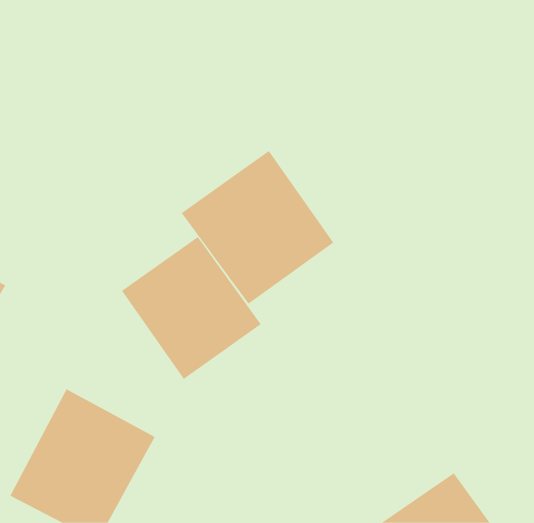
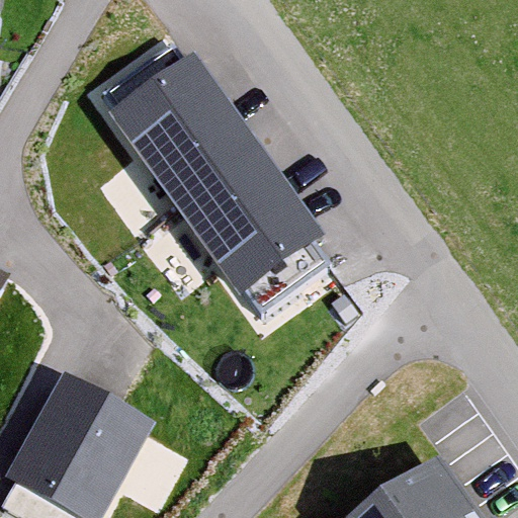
building: none -> [107,52,259,205]
building: [121,236,262,380] -> none

